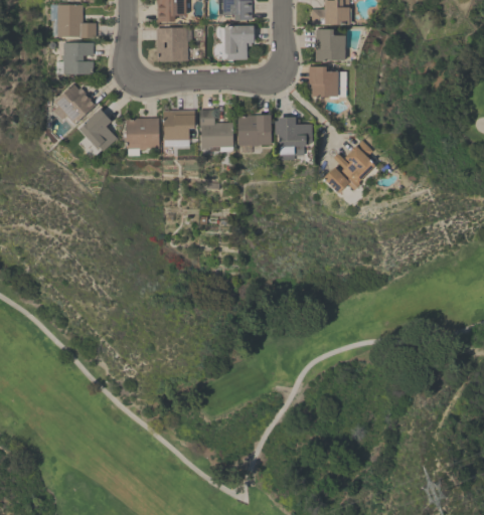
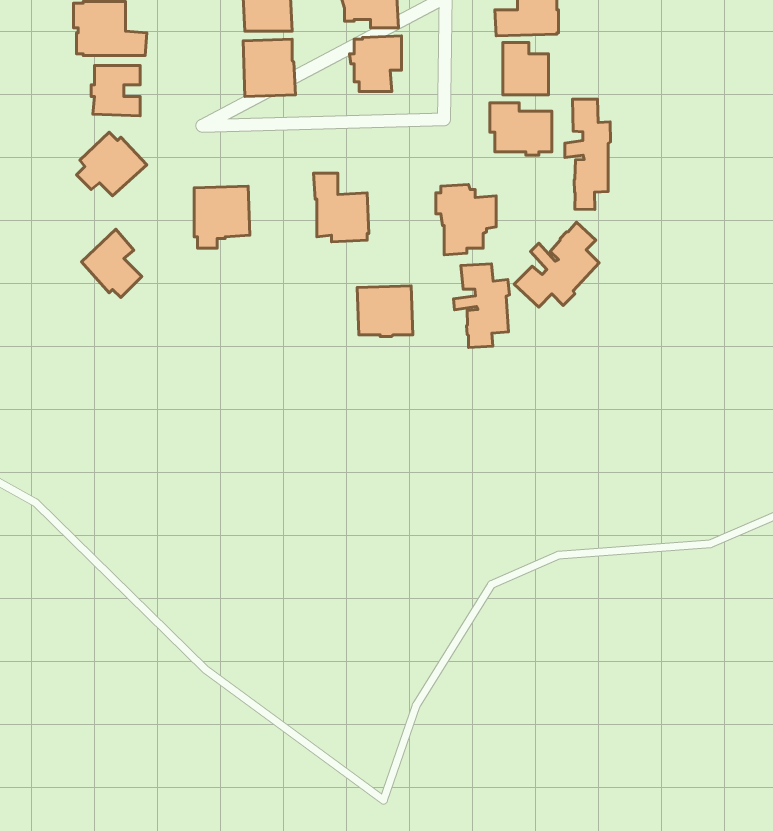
building: none -> [565,99,611,210]
building: [79,108,117,150] -> [82,229,142,298]
building: [163,109,195,146] -> none
building: [237,114,272,145] -> [357,286,413,337]
building: none -> [453,264,509,347]

